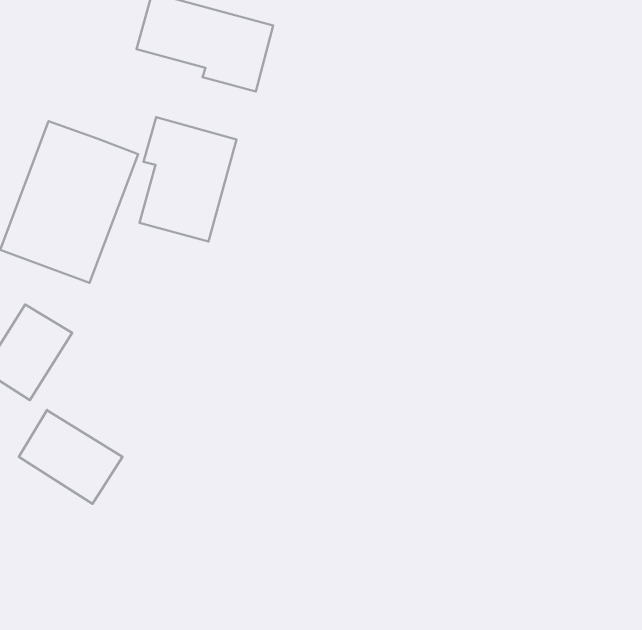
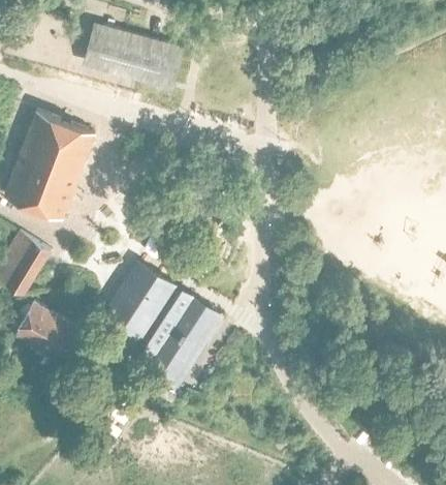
building: [139,117,236,241] -> none
building: none -> [102,267,218,384]

